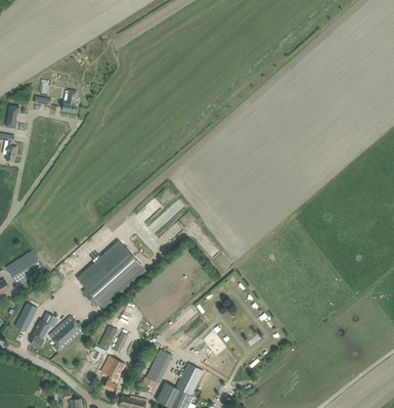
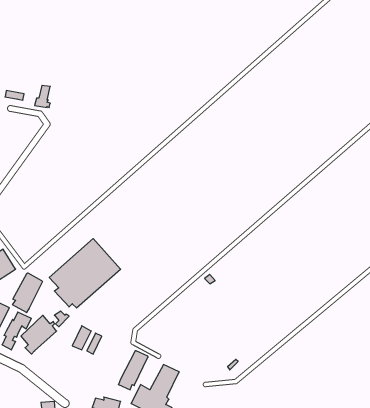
building: none -> [13,273,42,313]
building: [100,356,125,392] -> none

